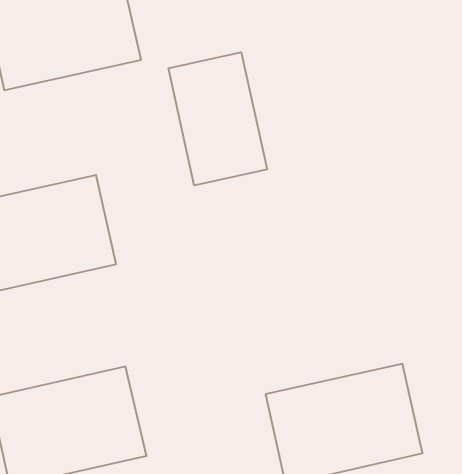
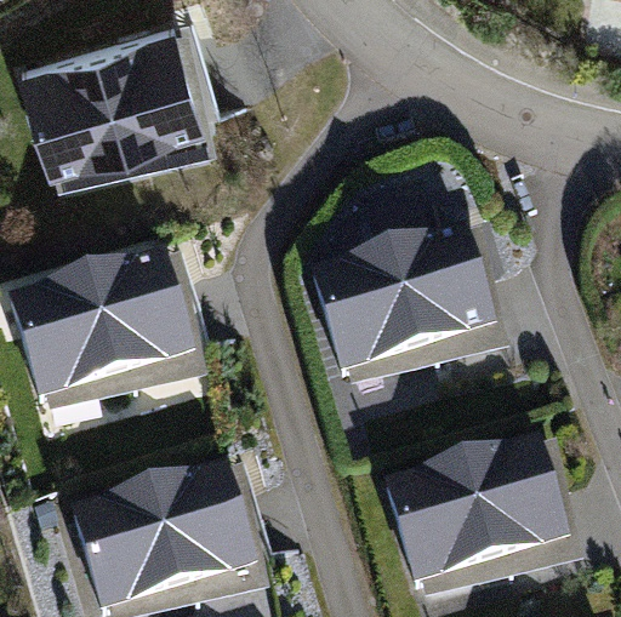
building: [168,52,267,185] -> none
building: none -> [315,222,498,367]

